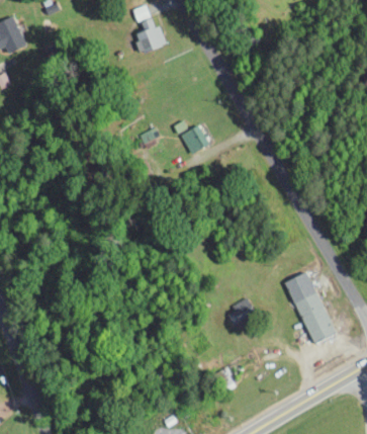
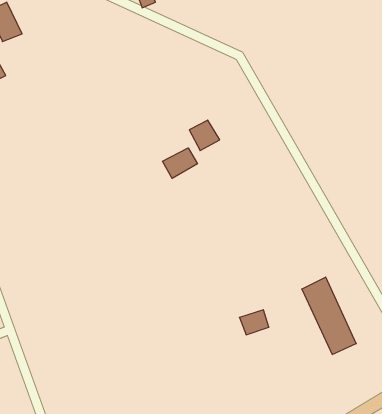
building: [134,17,166,52] -> none
building: none -> [163,148,197,178]

